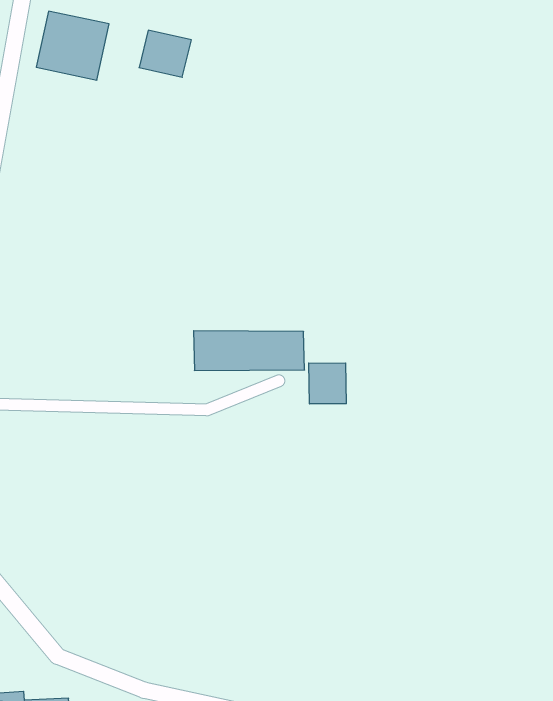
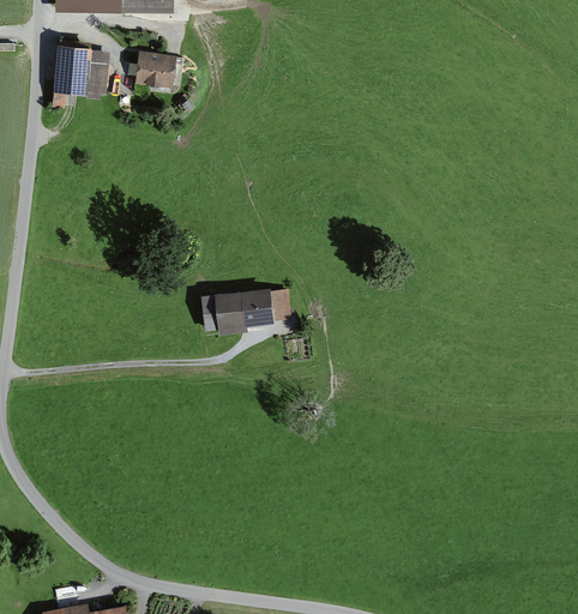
building: [309,363,346,404] -> none

